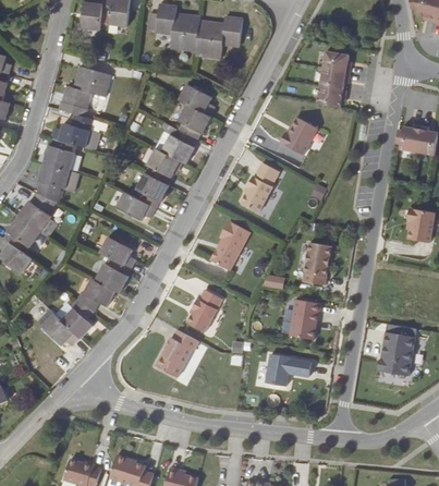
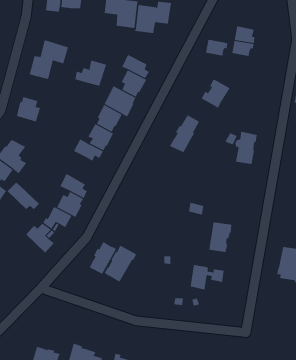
building: [316,83,345,105] -> [205,39,228,56]
building: [52,113,94,147] -> [74,60,107,86]
building: [36,163,80,203] -> none
building: [212,219,249,269] -> none
building: [302,241,331,283] -> [234,131,257,164]
building: [186,288,222,330] -> [89,241,117,274]
building: [37,309,80,345] -> [7,182,40,210]

